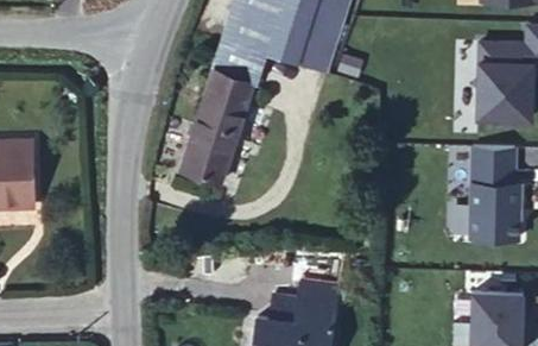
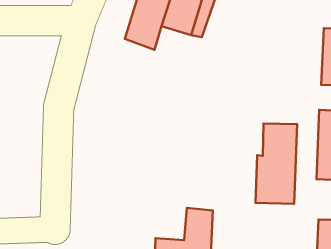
building: [188,57,255,178] -> none
building: none -> [256,124,297,204]

